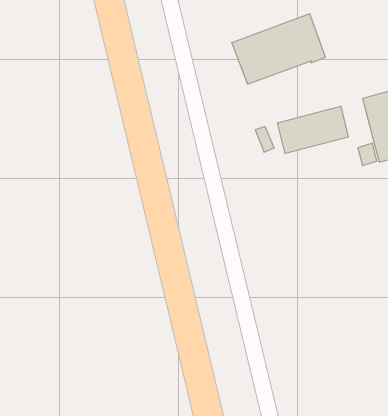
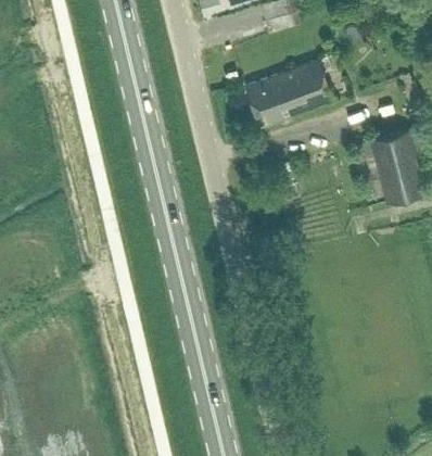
building: [278,106,348,154] -> none

